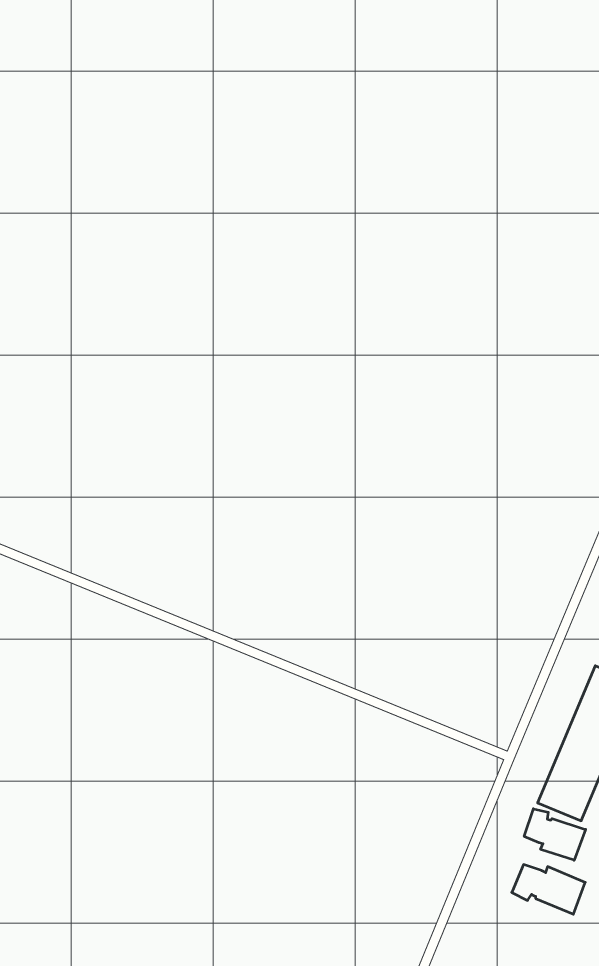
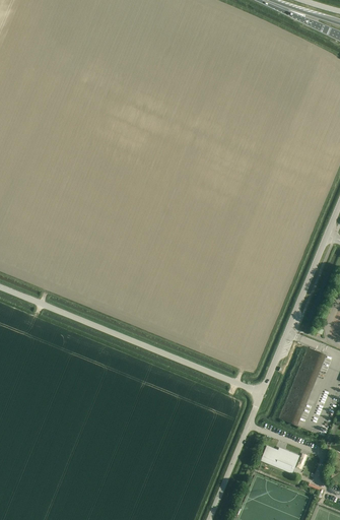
building: [524,809,586,860] -> none

